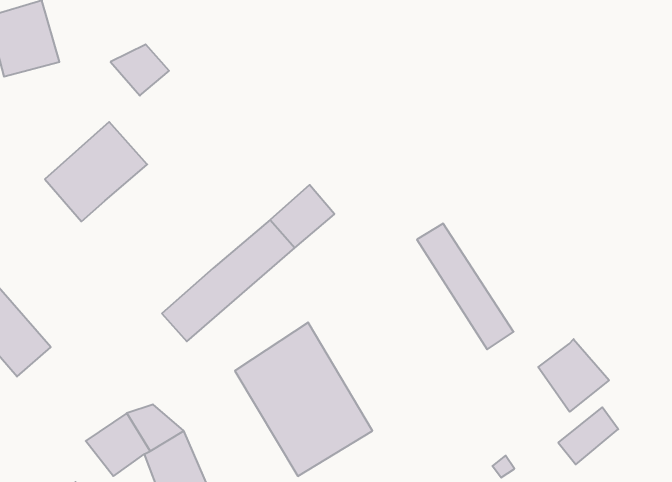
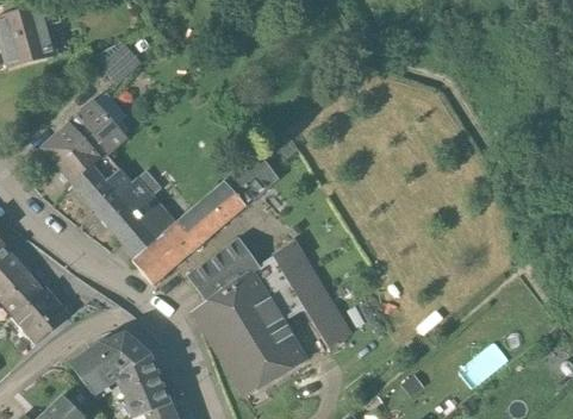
building: none -> [68,169,175,261]
building: [417,224,514,349] -> [272,240,350,343]
building: none -> [189,237,259,298]
building: [538,339,609,412] -> none
building: none -> [15,284,70,338]

